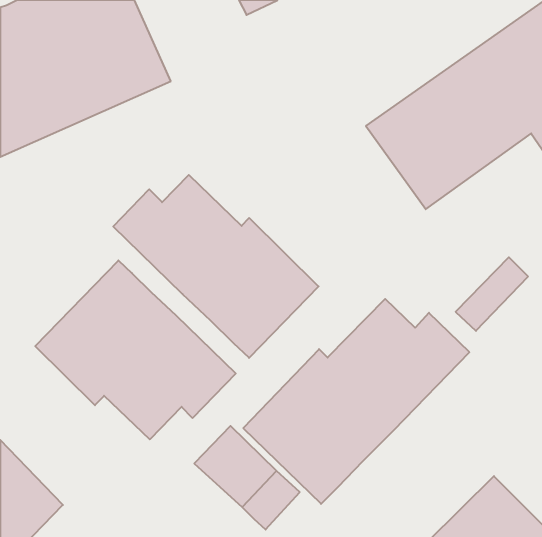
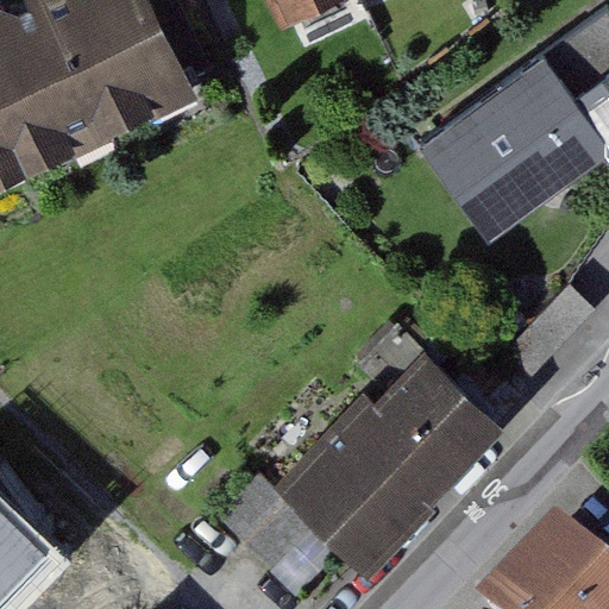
building: [113,175,319,358] -> none
building: [35,260,236,439] -> none

